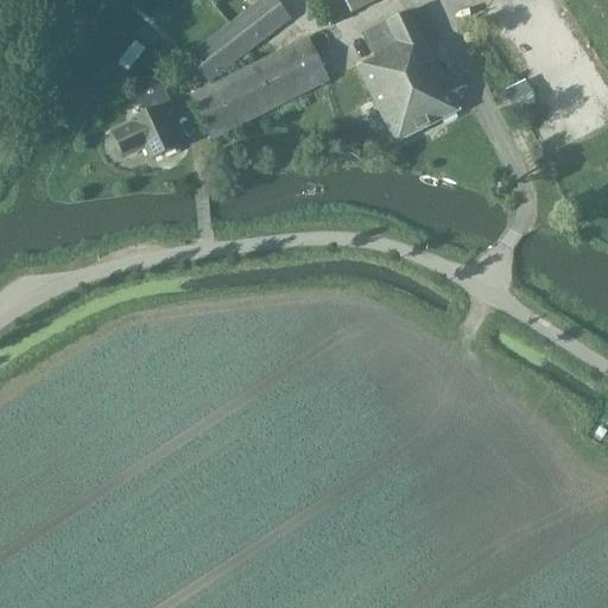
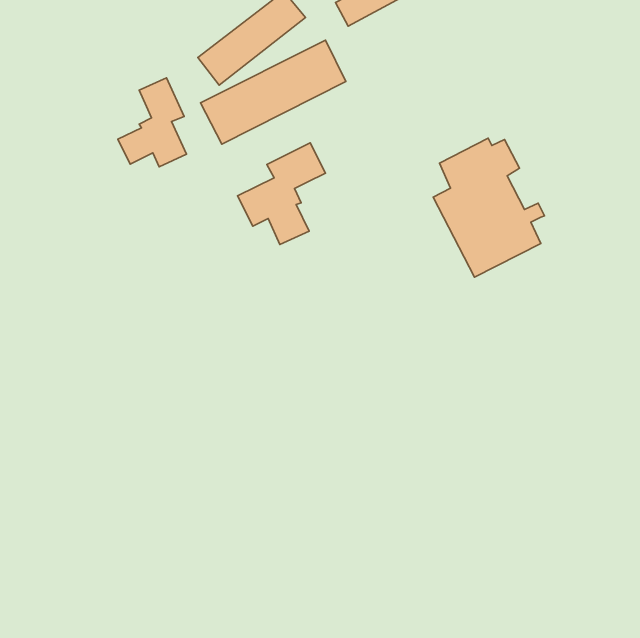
building: [356,10,462,141] -> [433,138,545,277]
building: none -> [238,143,325,244]

